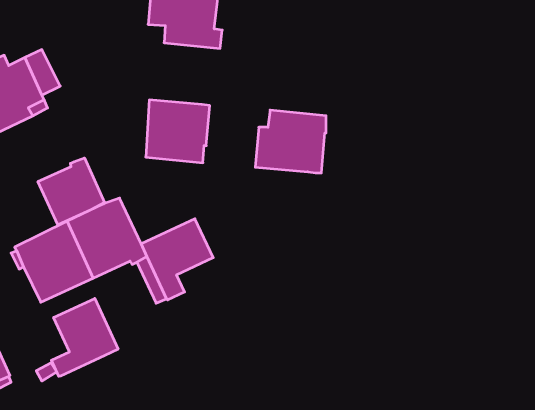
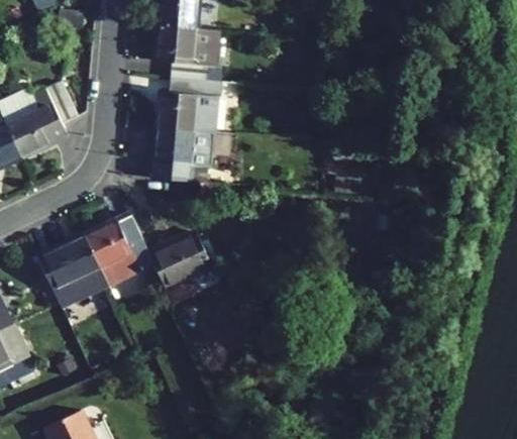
building: [255,110,326,173] -> [158,77,220,132]
building: [38,158,104,225] -> none
building: [51,298,118,376] -> none

